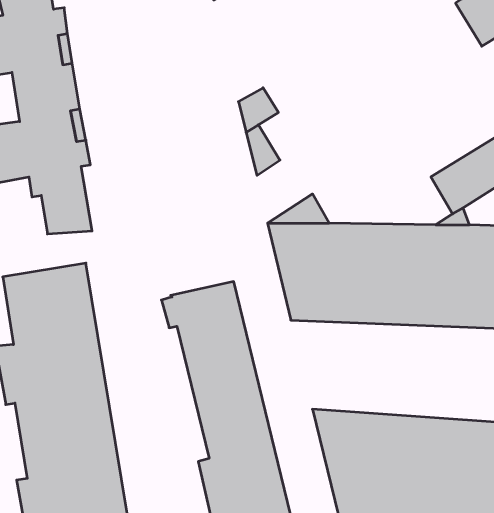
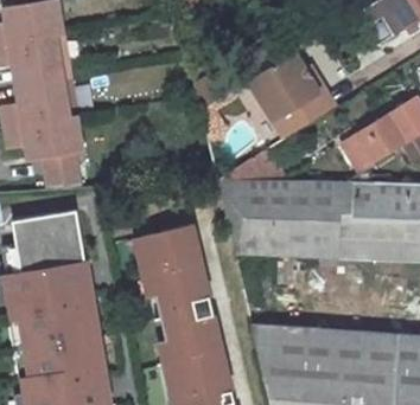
building: none -> [248,52,330,139]

